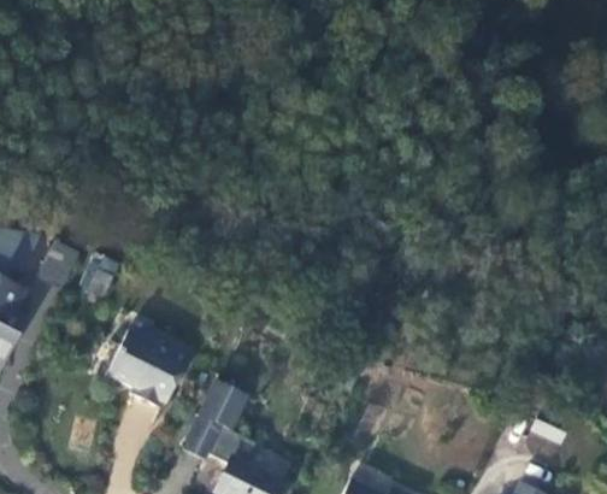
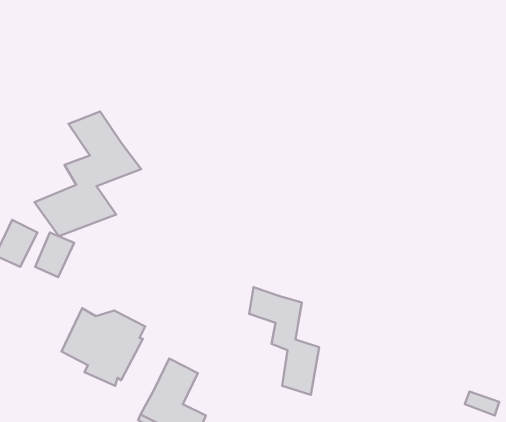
building: none -> [34,111,141,236]
building: none -> [249,287,319,395]

